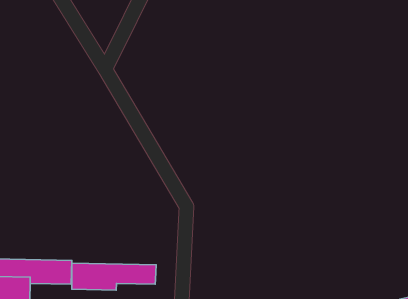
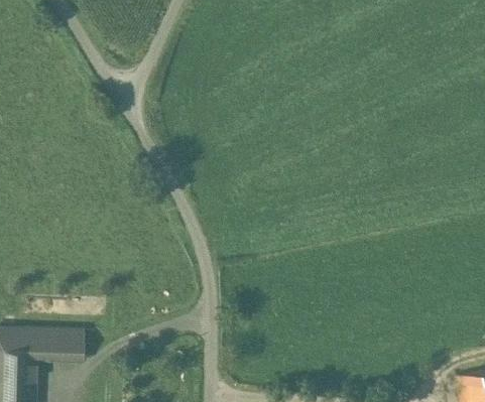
building: [72,263,156,290] -> none

